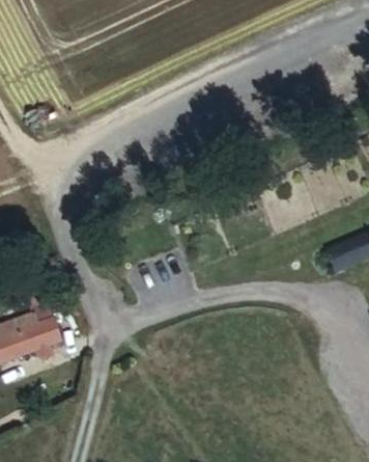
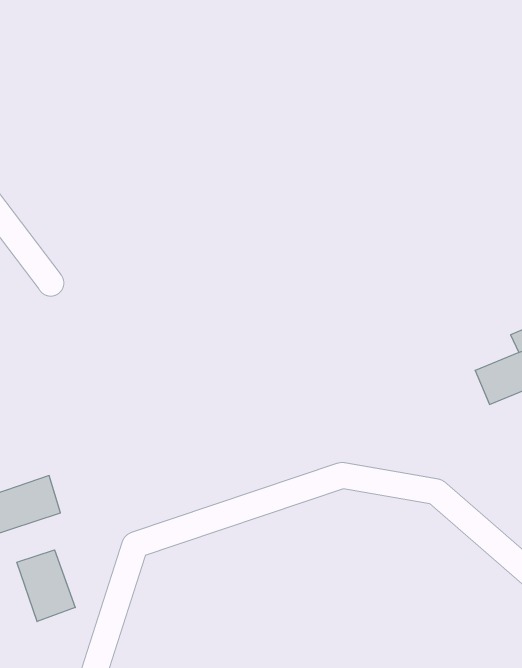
building: none -> [17,550,75,622]

